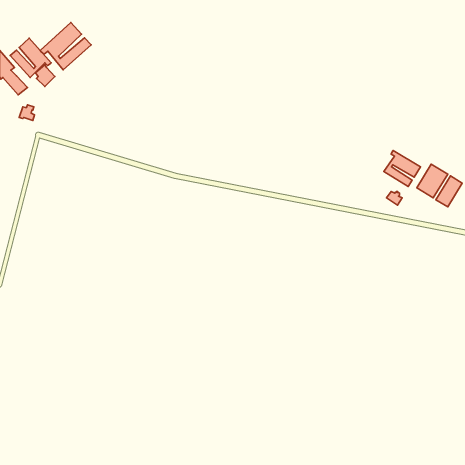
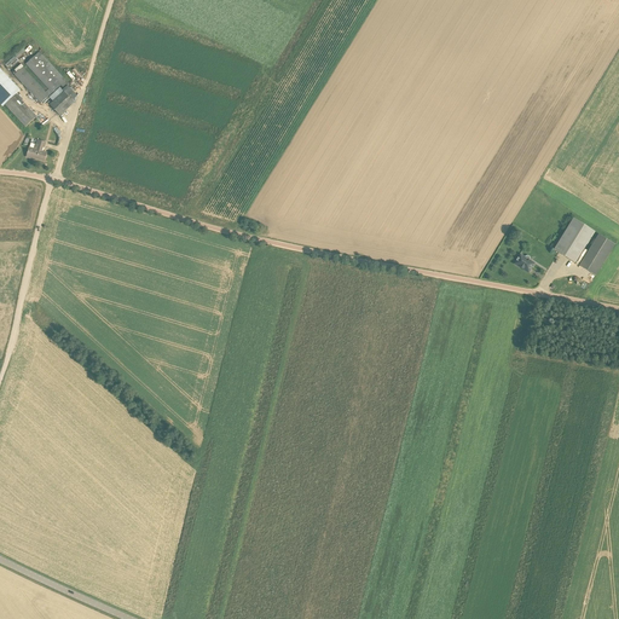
building: [40,22,91,70] -> none
building: [384,150,420,187] -> none

